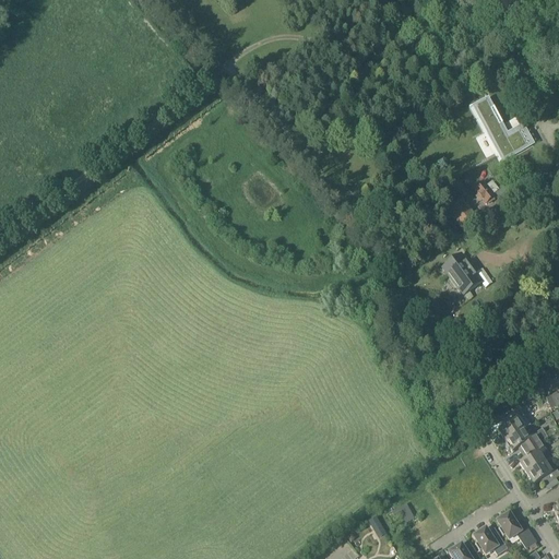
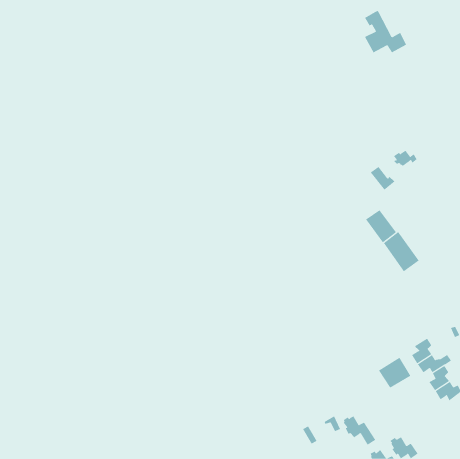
building: [476,96,527,155] -> [364,4,407,53]
building: none -> [383,231,420,272]
building: none -> [378,357,411,388]
building: [497,512,537,548] -> [343,416,376,445]

